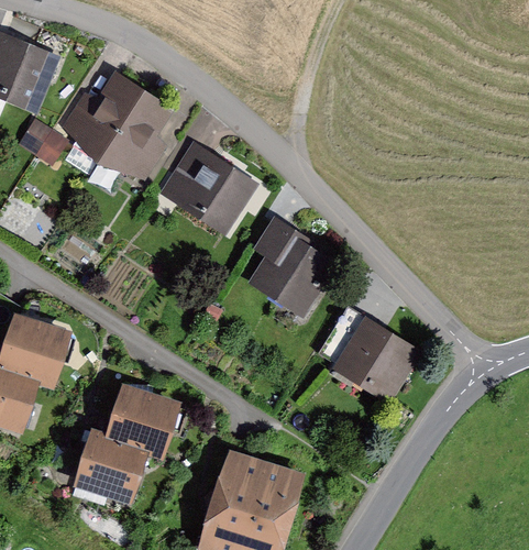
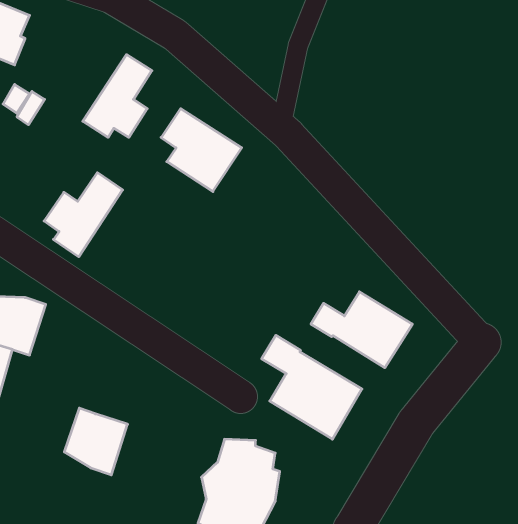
building: [65,78,140,158] -> [44,173,123,257]
building: [254,221,329,304] -> none
building: none -> [262,335,362,439]
building: [110,396,172,452] -> none

